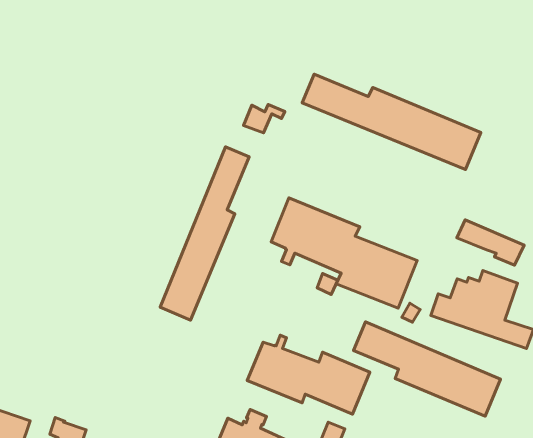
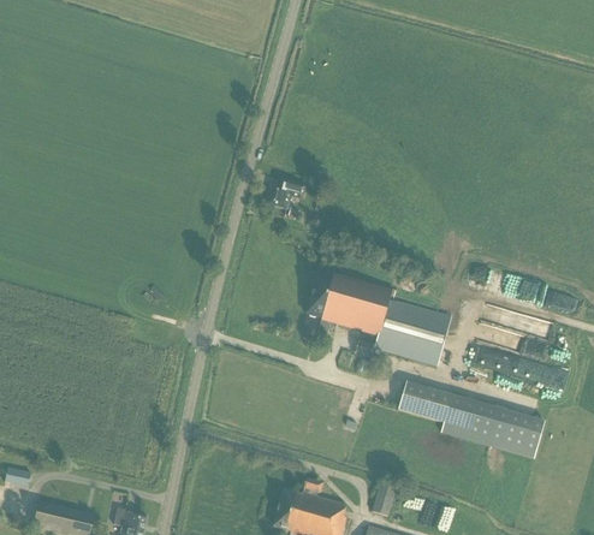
building: [302,74,481,170] -> none
building: [160,147,249,320] -> none
building: [247,335,370,414] -> none

